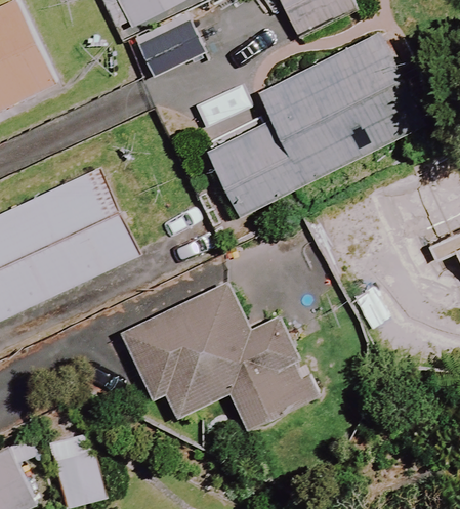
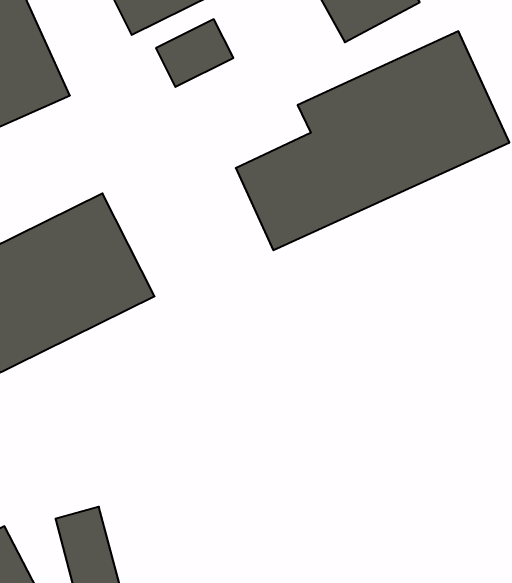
building: [120,280,313,429] -> none

